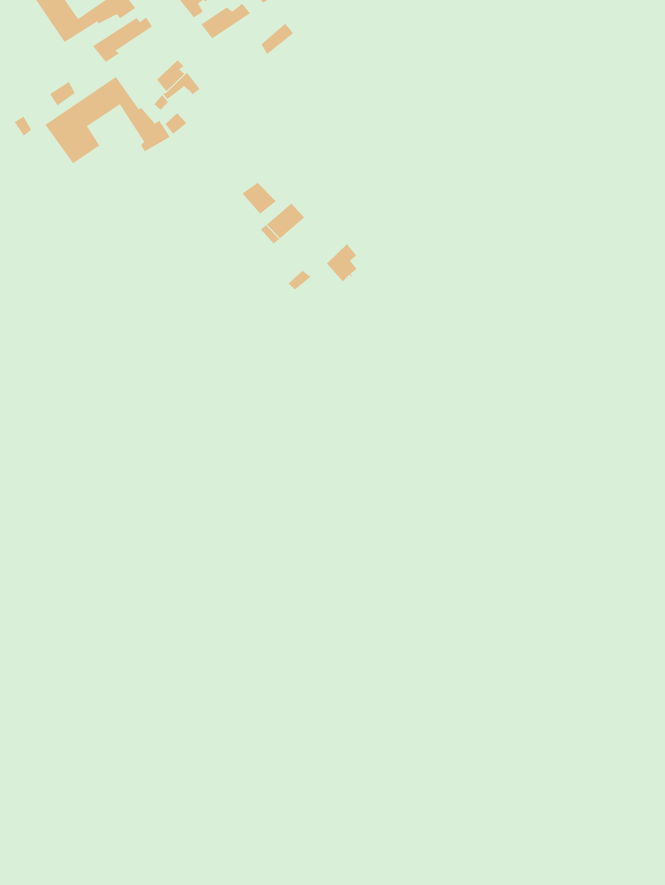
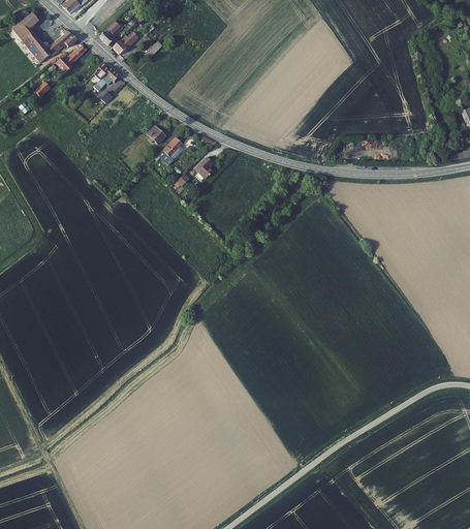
building: [44,76,171,164] -> none

